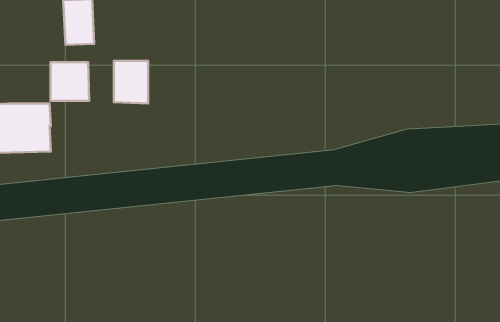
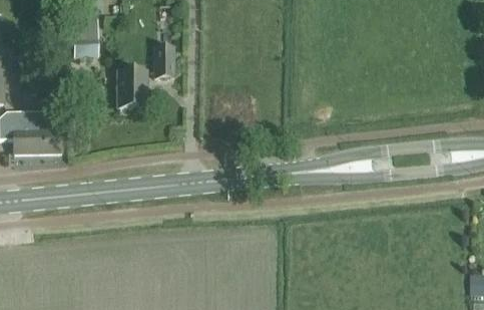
building: none -> [153,46,173,77]
building: [51,62,89,101] -> none

